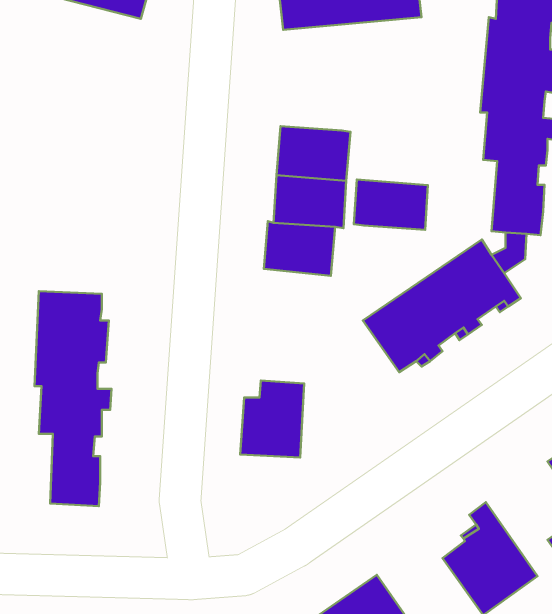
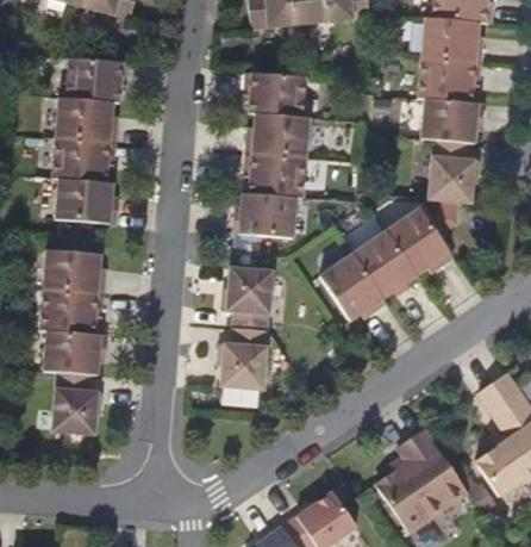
building: none -> [54,57,129,223]
building: [354,179,428,230] -> [240,70,304,113]
building: none -> [219,262,274,329]

